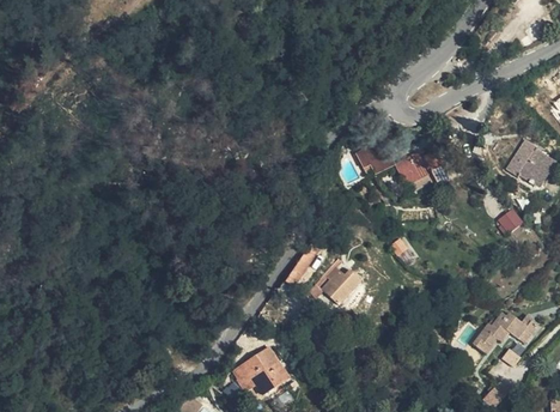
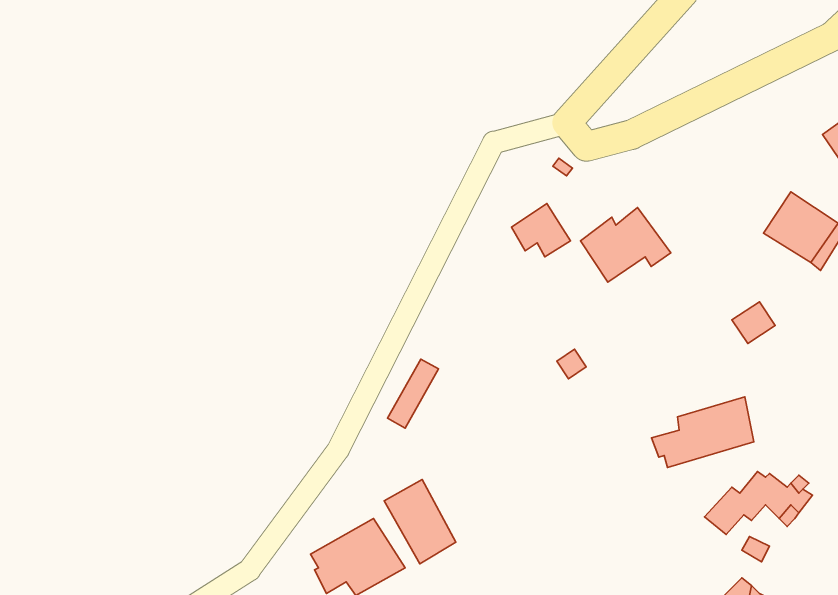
building: [323,266,365,302] -> none
building: none -> [652,397,754,467]
building: none -> [384,479,456,564]

